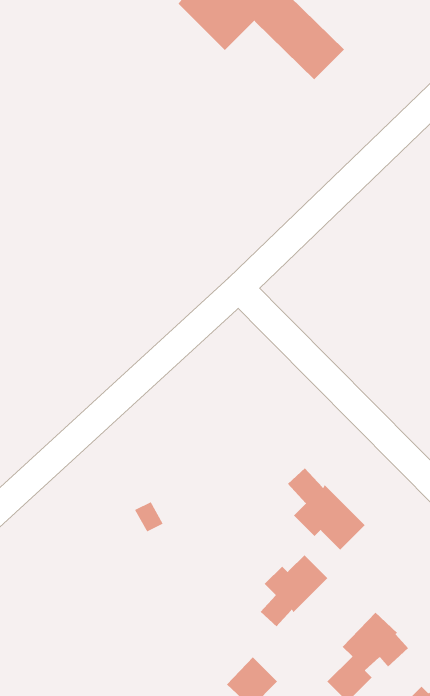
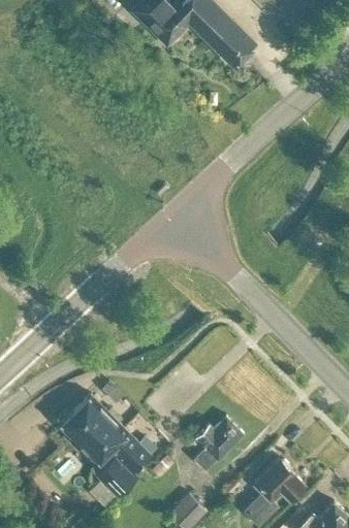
building: [287,468,365,550] -> none
building: none -> [59,395,152,497]

